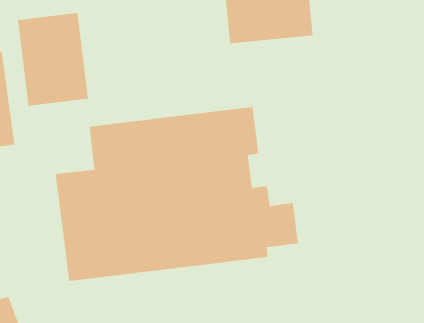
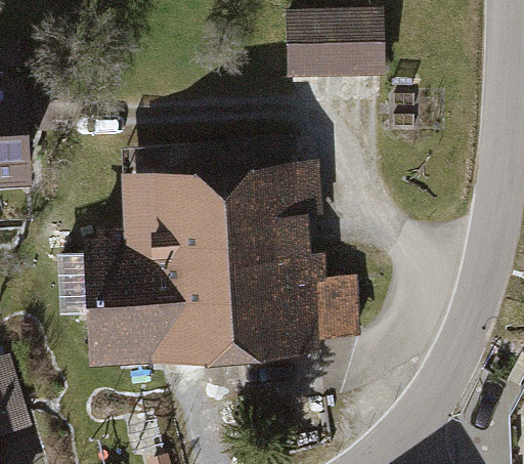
building: [18,12,88,107] -> none

